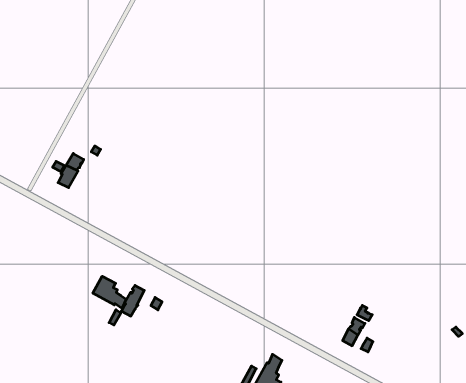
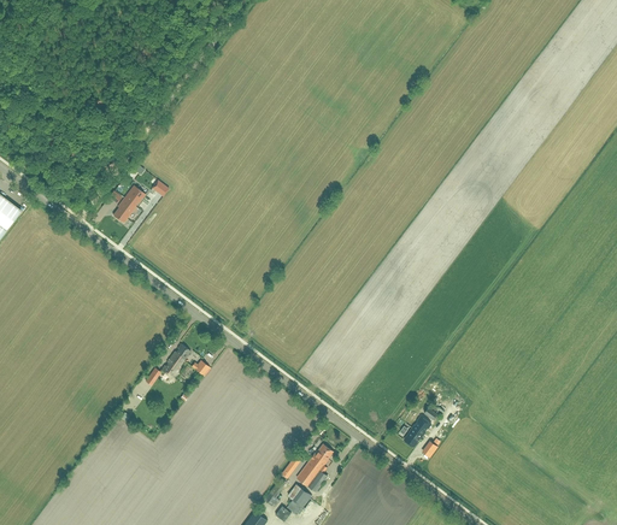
building: [93,276,126,308] -> none

